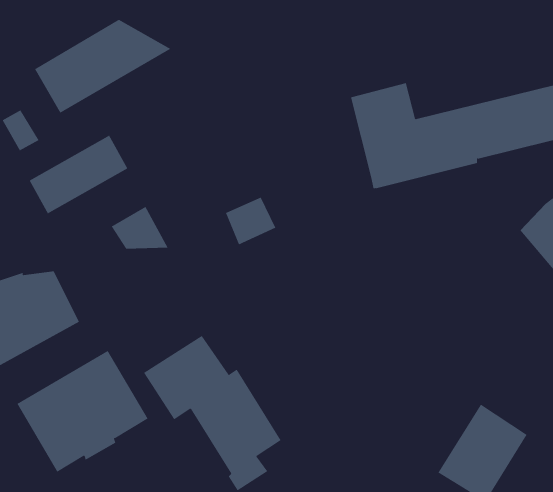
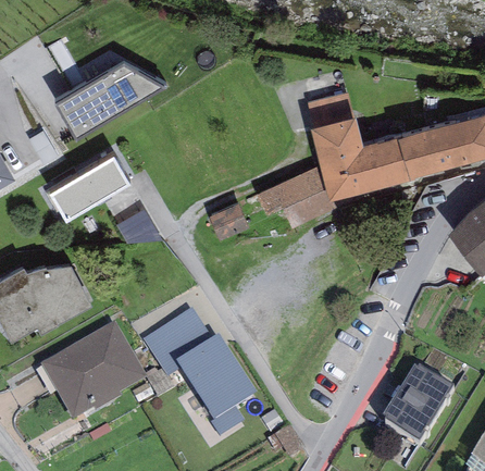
building: none -> [256,165,334,228]

